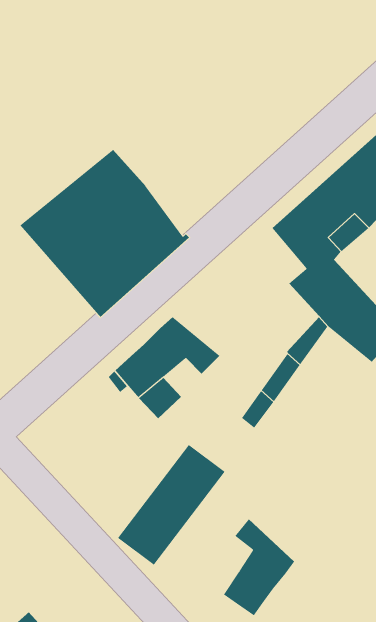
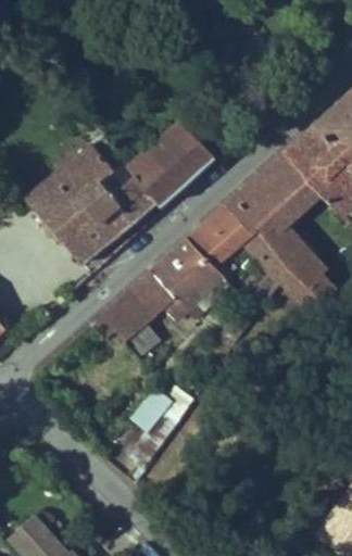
building: none -> [129,118,215,205]
building: none -> [151,199,256,304]
building: [223,519,295,616] -> none

